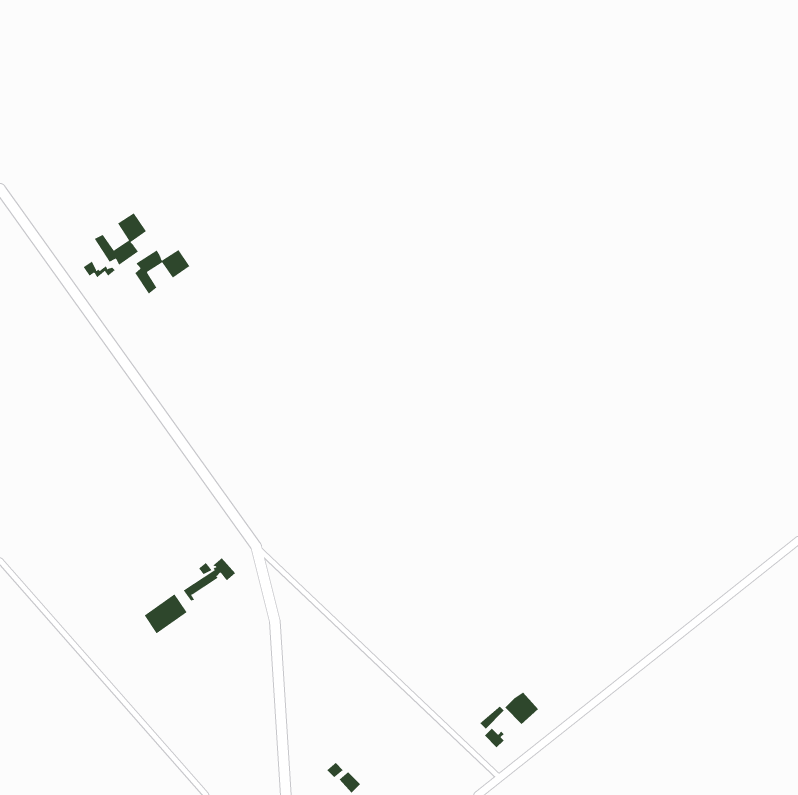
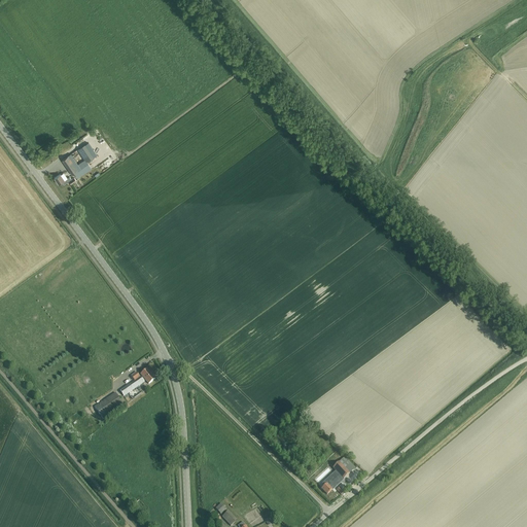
building: [134,249,190,295] -> none

